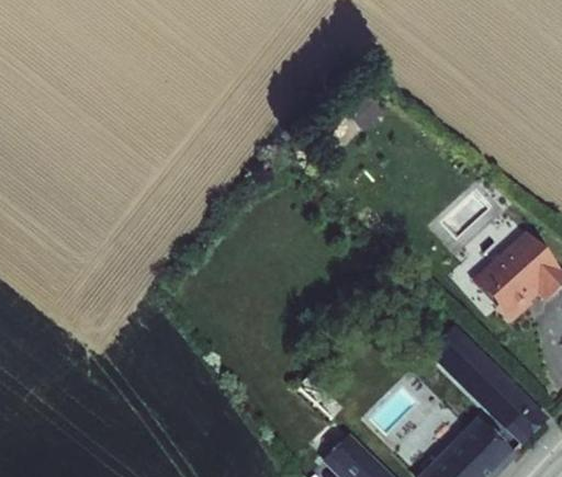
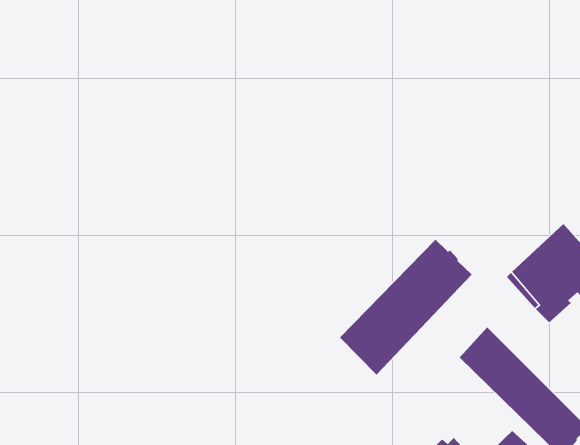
building: none -> [339,239,472,376]

